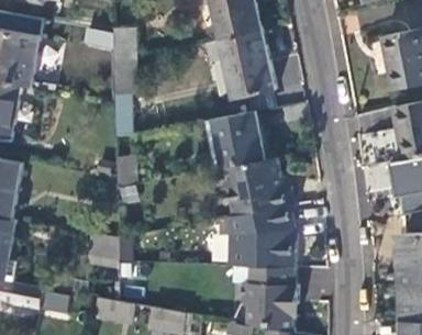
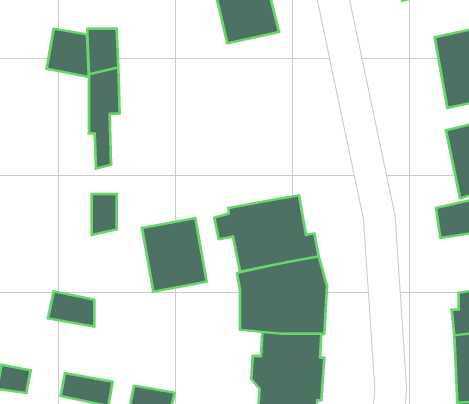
building: [221,31,275,99] -> none
building: [213,111,264,168] -> [142,218,207,292]

